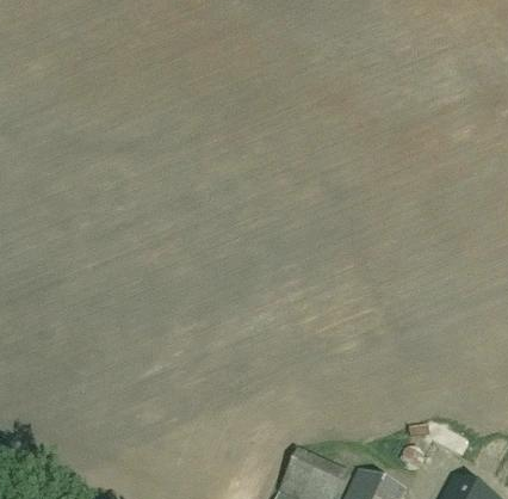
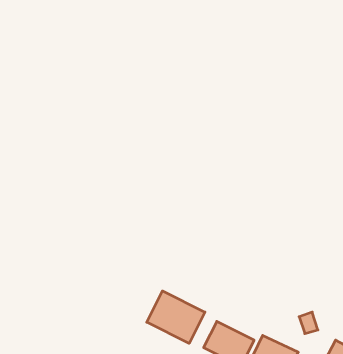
building: none -> [147,291,205,343]

